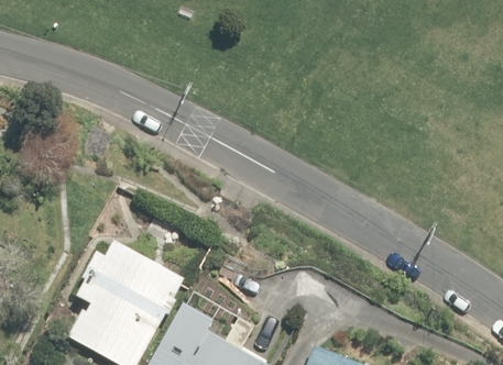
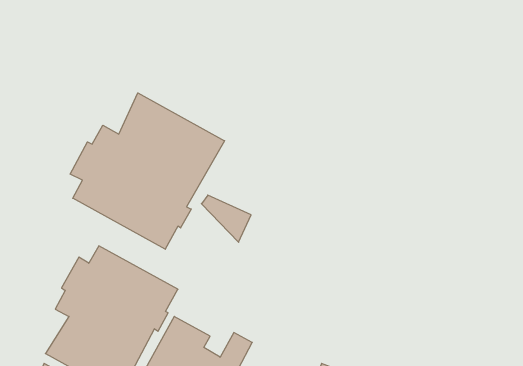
building: none -> [70,93,225,249]

